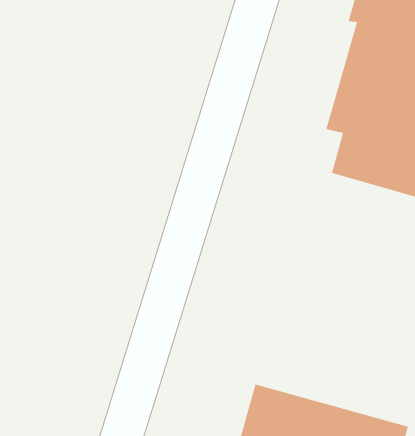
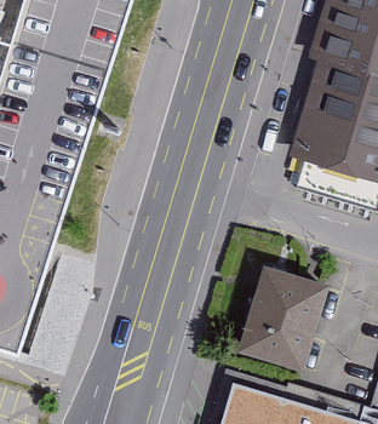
building: none -> [241,268,328,371]

